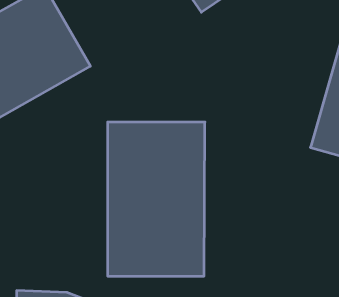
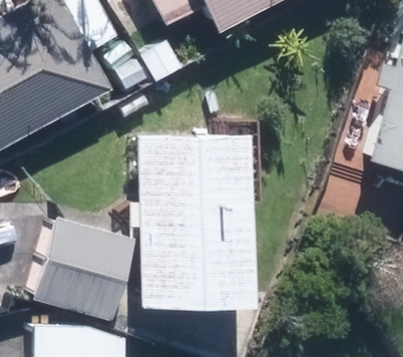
building: none -> [33,220,136,326]

